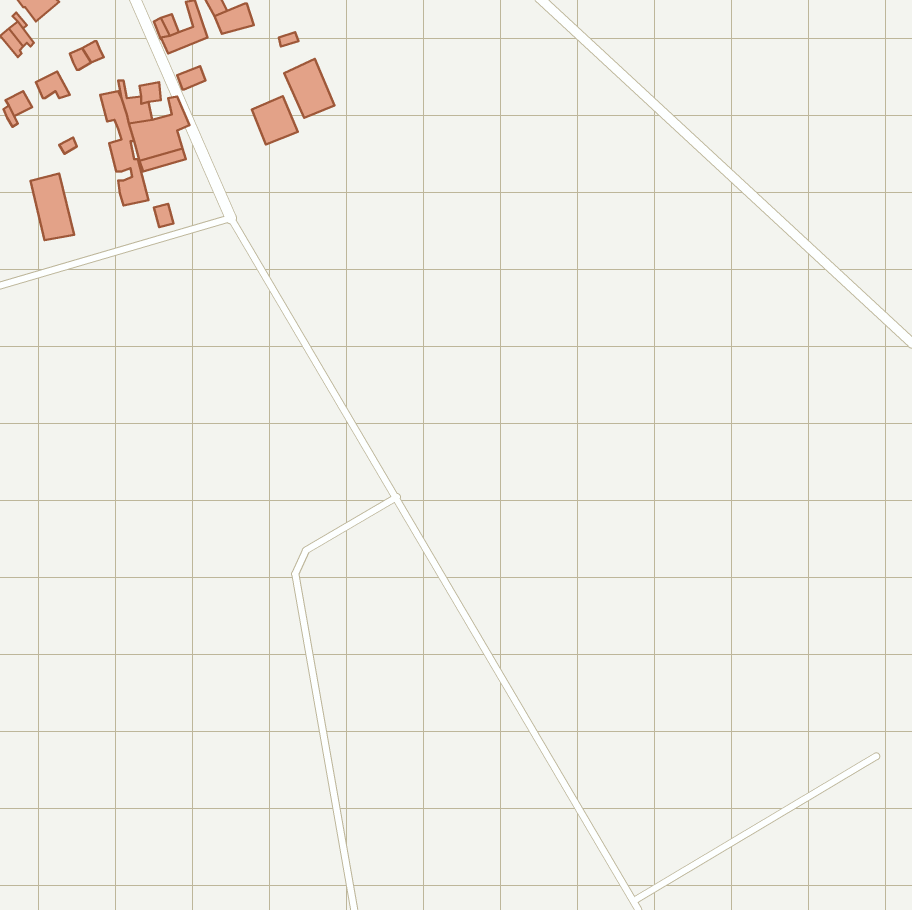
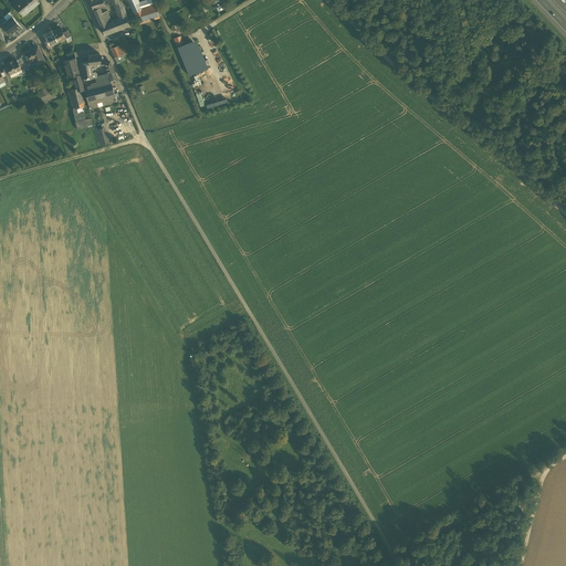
building: [252,96,298,144] -> none
building: [31,174,74,240] -> none

